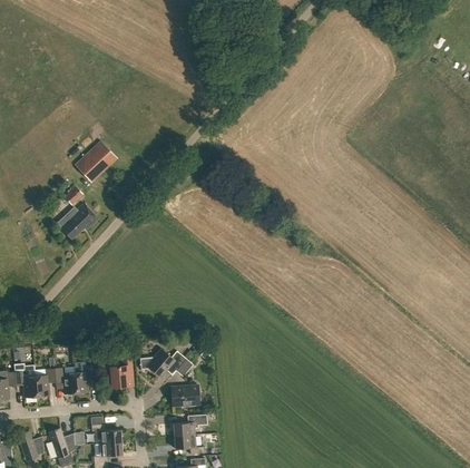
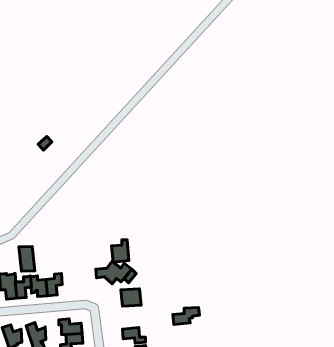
building: [75,140,116,182] -> none
building: [60,204,98,240] -> none
building: none -> [19,247,35,271]
building: [110,359,133,388] -> [112,240,129,262]
building: [173,415,207,437] -> [173,307,200,325]

